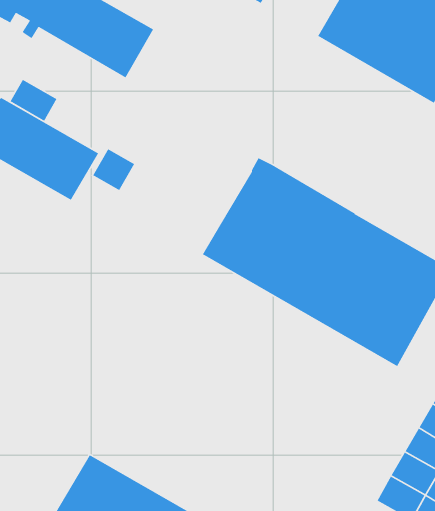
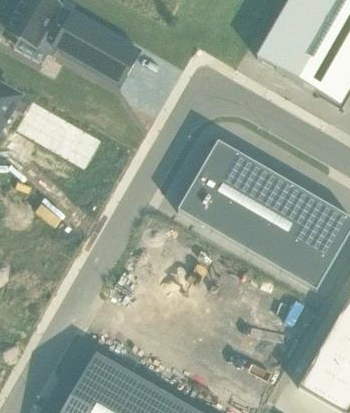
building: [9,79,58,122] -> none
building: [92,148,135,191] -> none

